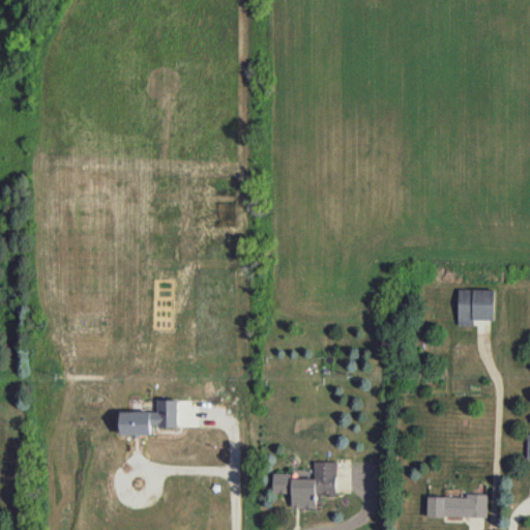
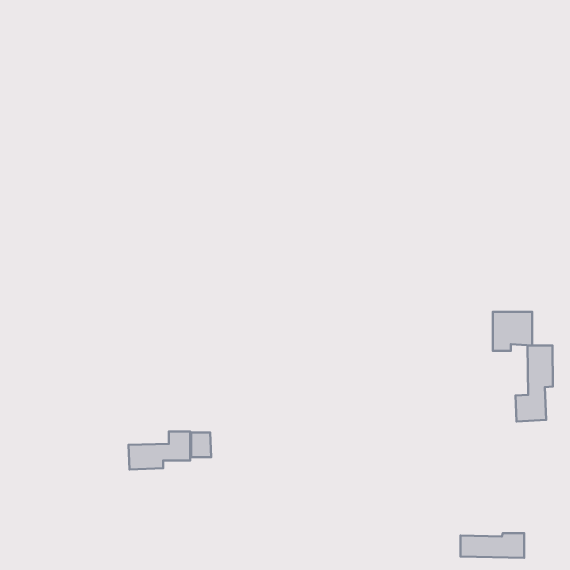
building: none -> [516,345,553,422]
building: [271,462,335,508] -> none

